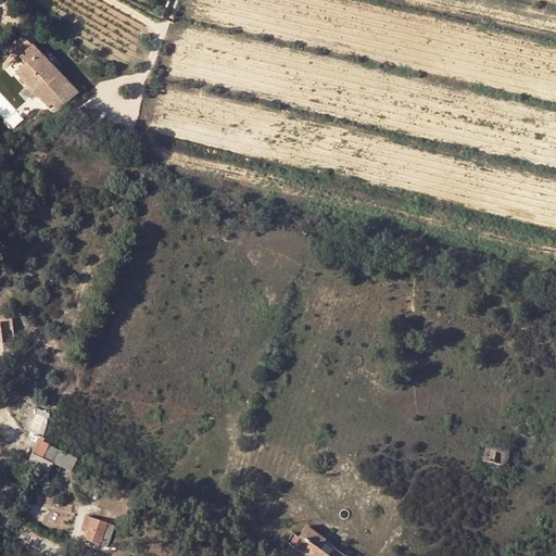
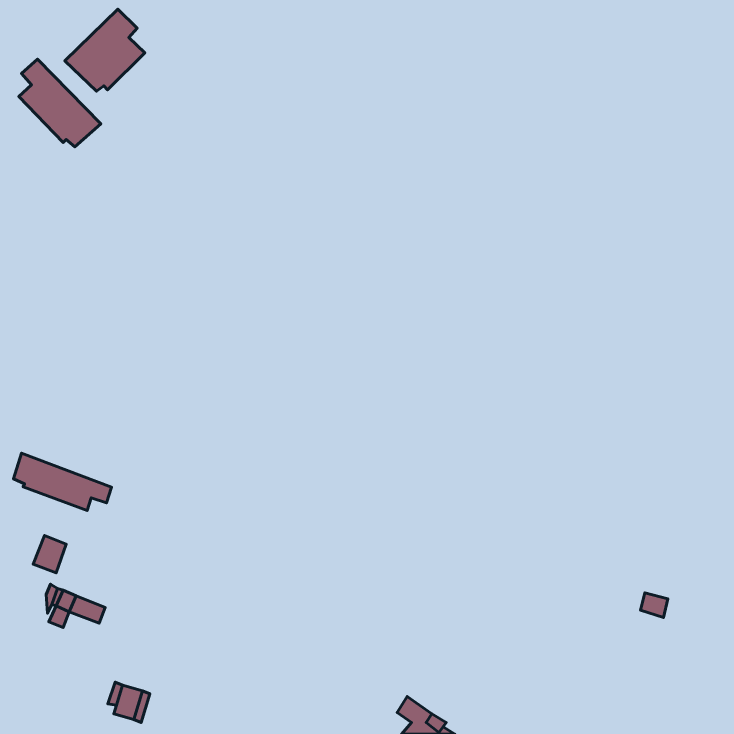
building: none -> [65,9,145,91]
building: none -> [14,453,112,511]

